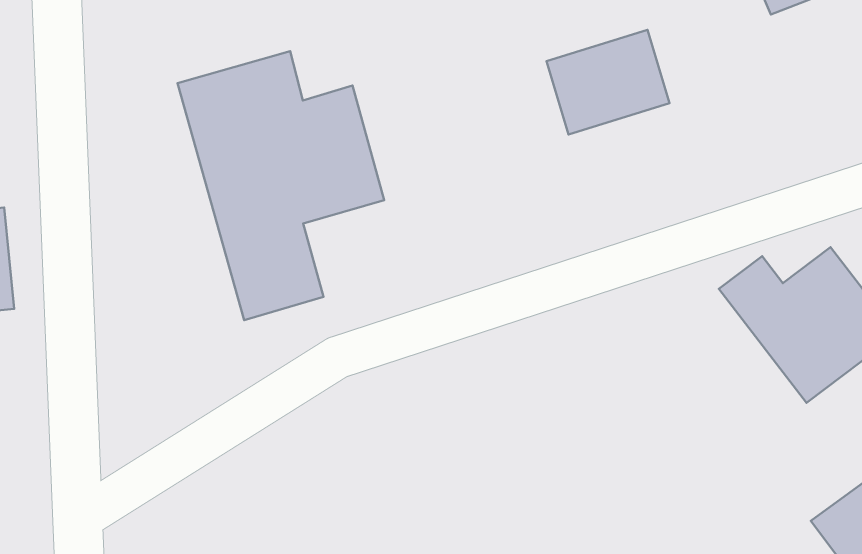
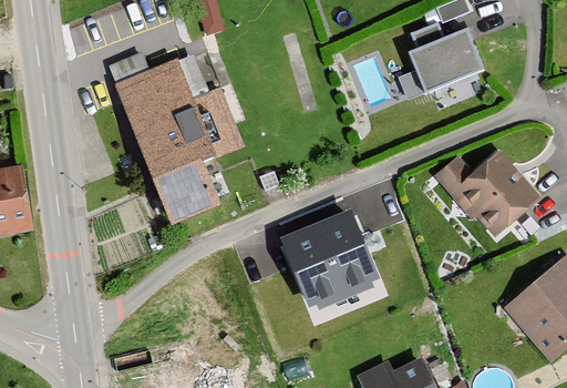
building: [546,30,670,134] -> [404,28,477,92]
building: none -> [289,213,378,302]

